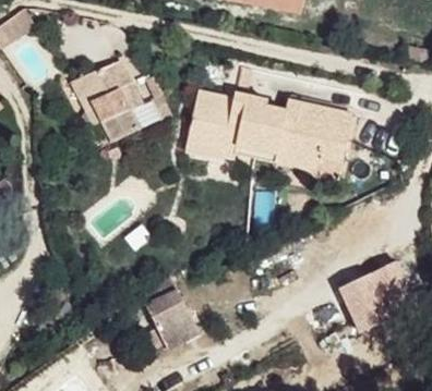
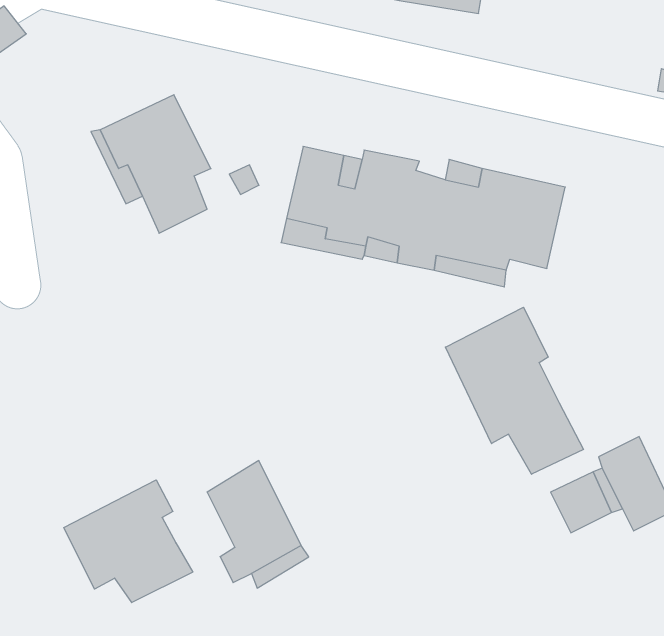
building: none -> [445,307,583,474]
building: none -> [64,480,193,603]

